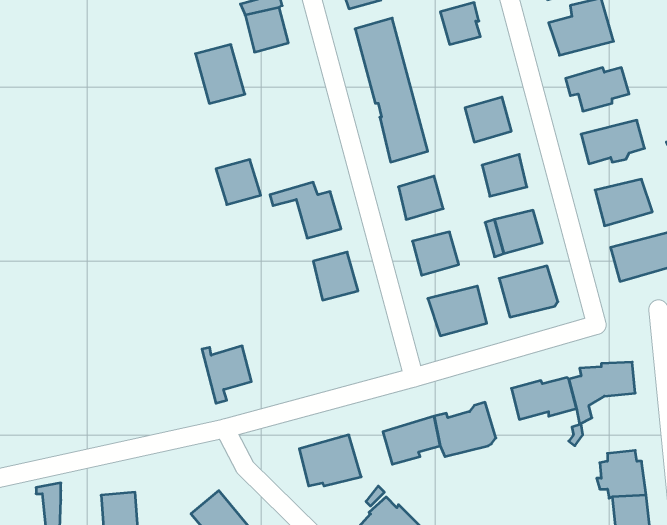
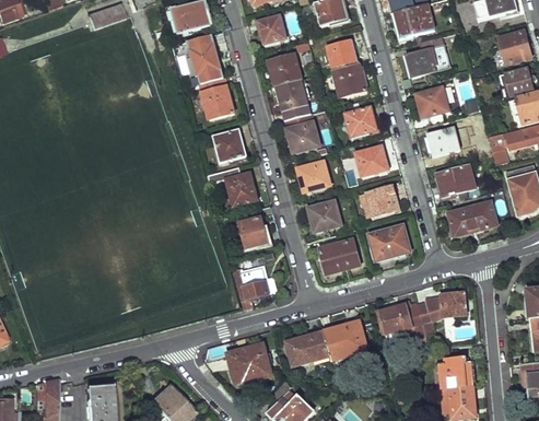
building: none -> [333,62,365,96]
building: [195,45,245,103] -> [198,78,233,119]
building: [216,160,261,205] -> [213,130,245,162]
building: [202,346,251,403] -> [234,268,269,308]

